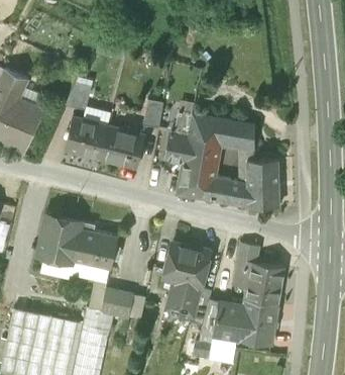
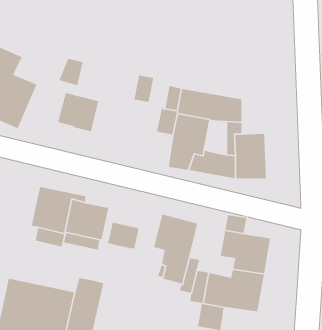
building: [99,126,143,168] -> none
building: [100,289,133,317] -> [107,222,140,249]

